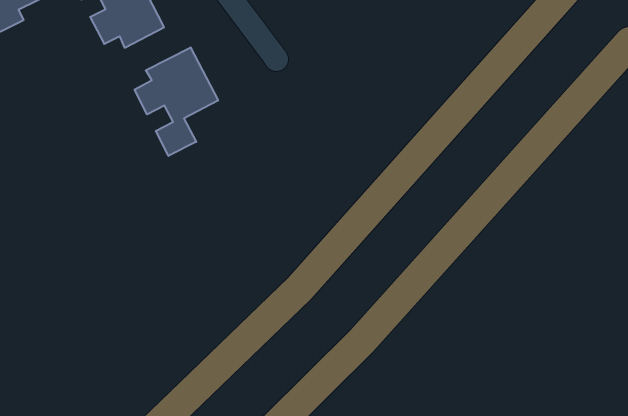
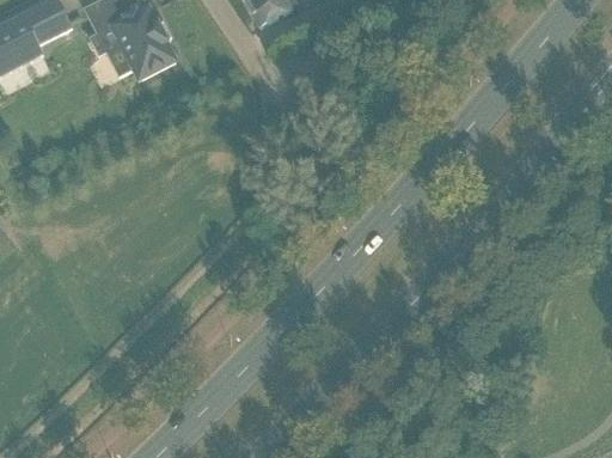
building: [135,47,218,156] -> none

